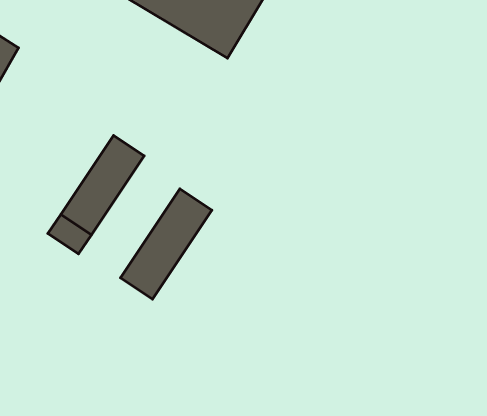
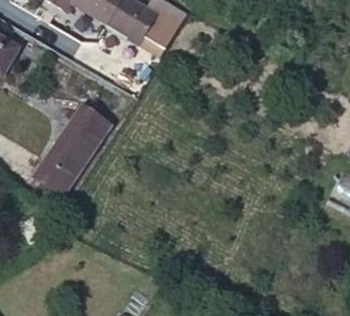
building: [120,189,212,299] -> none

